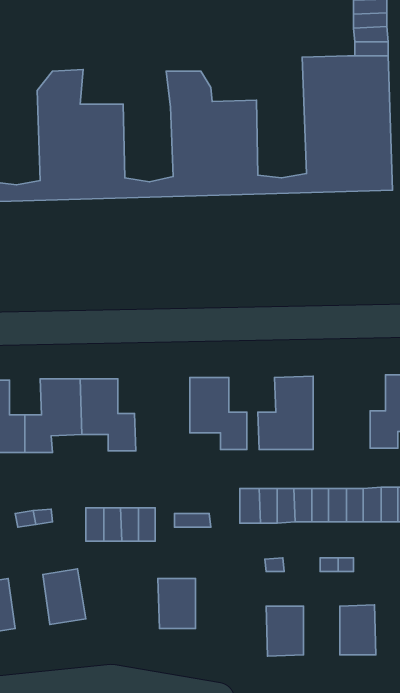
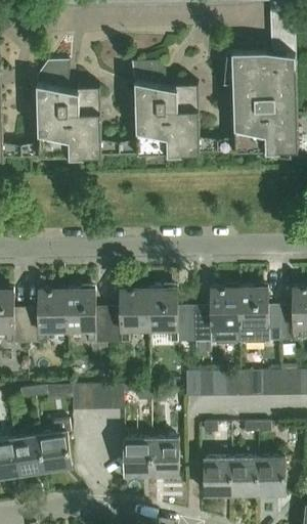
building: none -> [238,288,280,342]
building: none -> [106,289,147,343]
building: none -> [13,434,44,474]
building: none -> [151,437,178,474]
building: none -> [231,457,258,493]

